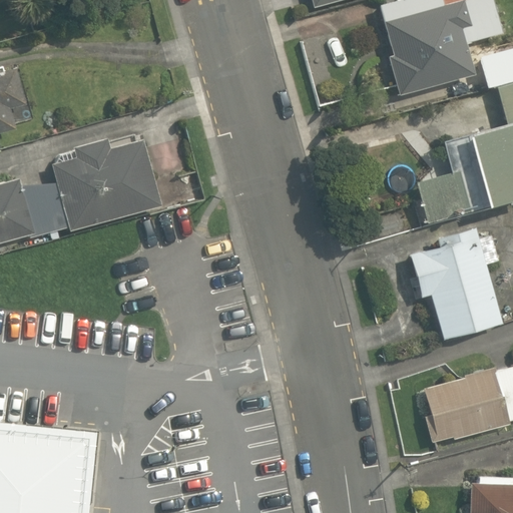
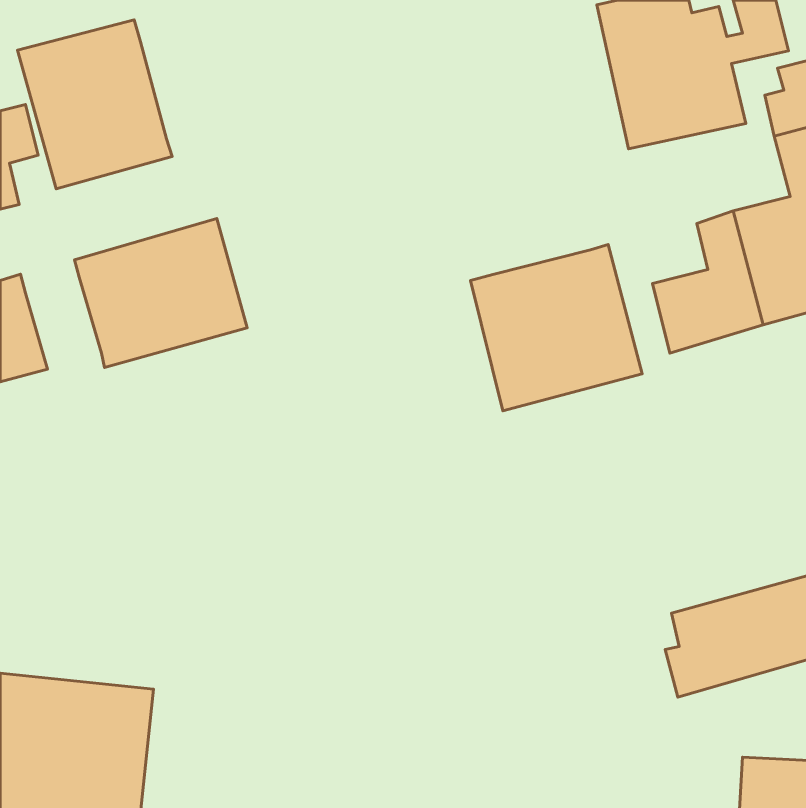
building: none -> [17,20,172,189]
building: none -> [470,244,642,411]
building: [18,176,66,234] -> none
building: [408,219,500,334] -> none

